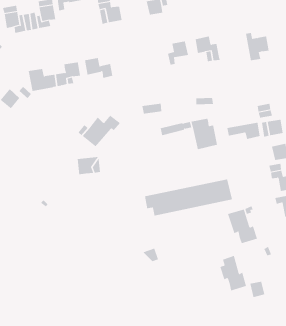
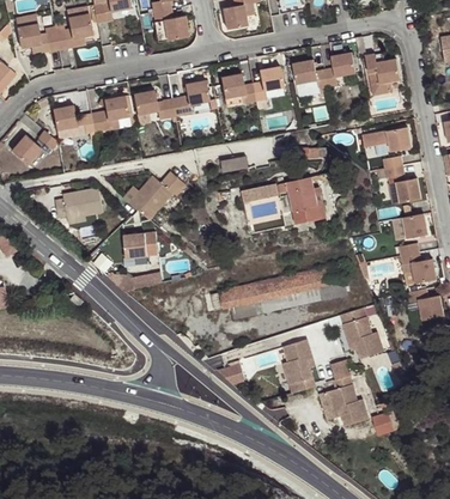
building: none -> [324,51,355,87]
building: none -> [220,73,256,103]
building: none -> [171,80,209,116]
building: [226,122,260,140] -> [361,127,411,152]
building: none -> [54,188,103,219]
building: none -> [281,339,316,392]

